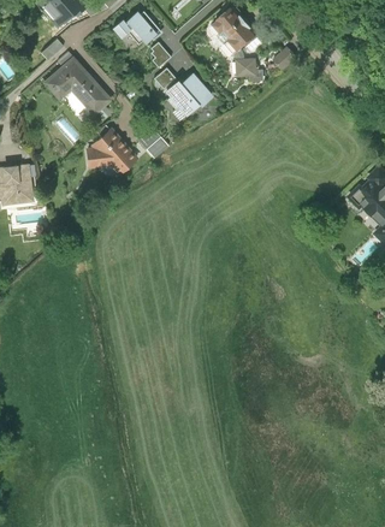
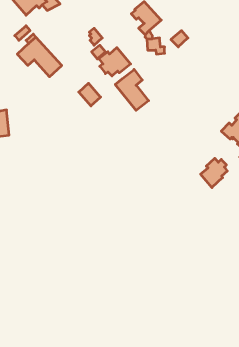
building: [113,12,162,45] -> none
building: none -> [115,69,149,110]
building: [87,129,137,173] -> none
building: none -> [201,158,227,188]

